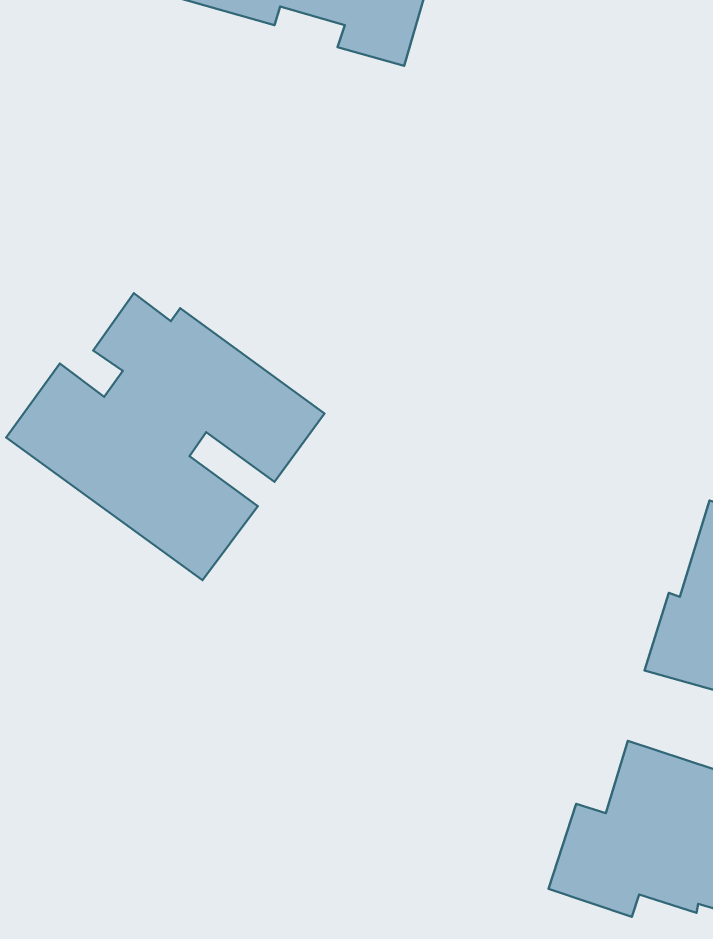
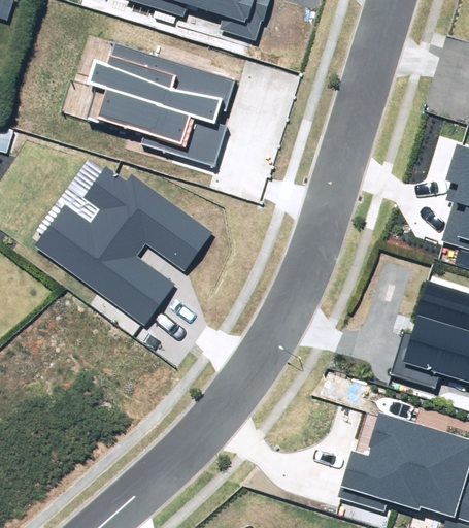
building: none -> [85,42,236,167]

